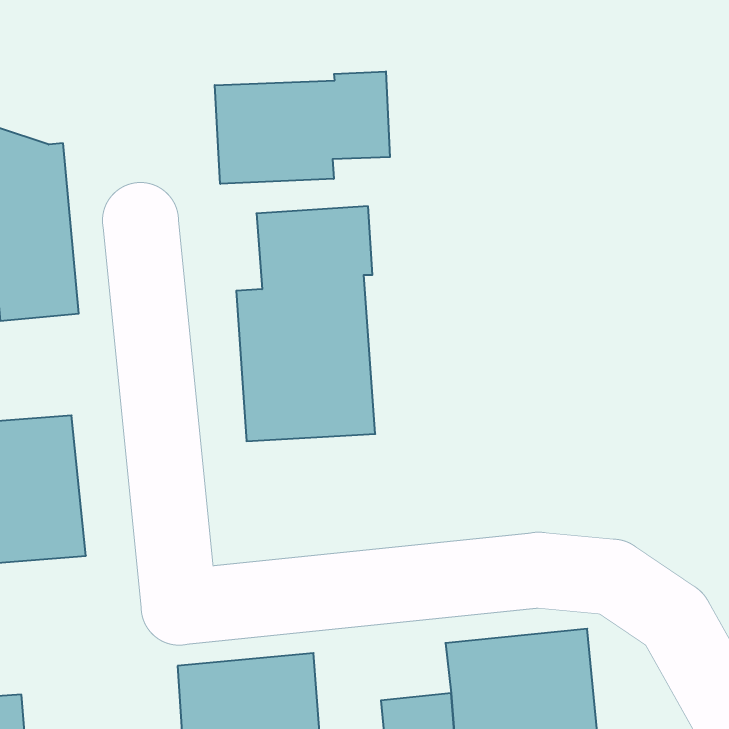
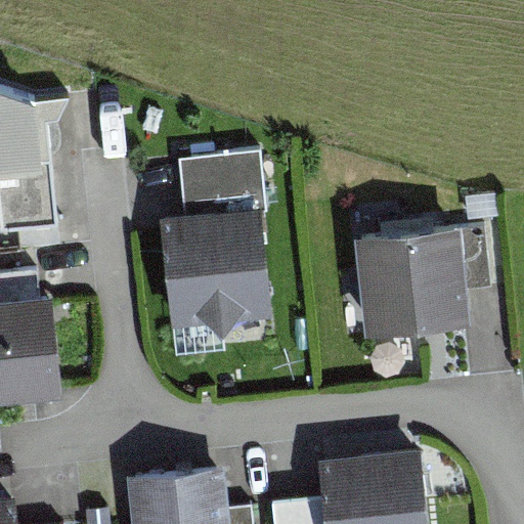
building: [215,71,390,184] -> none
building: none -> [354,228,469,337]

